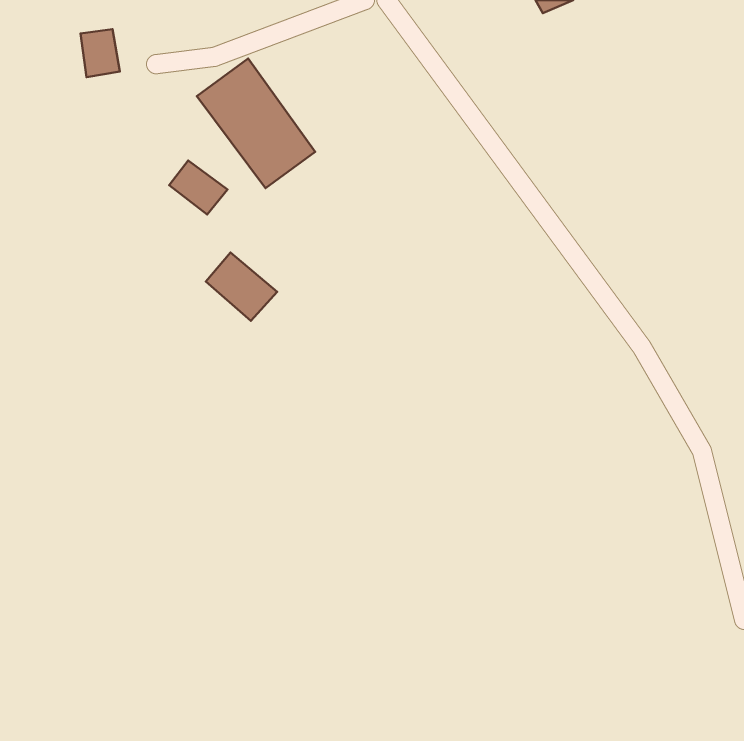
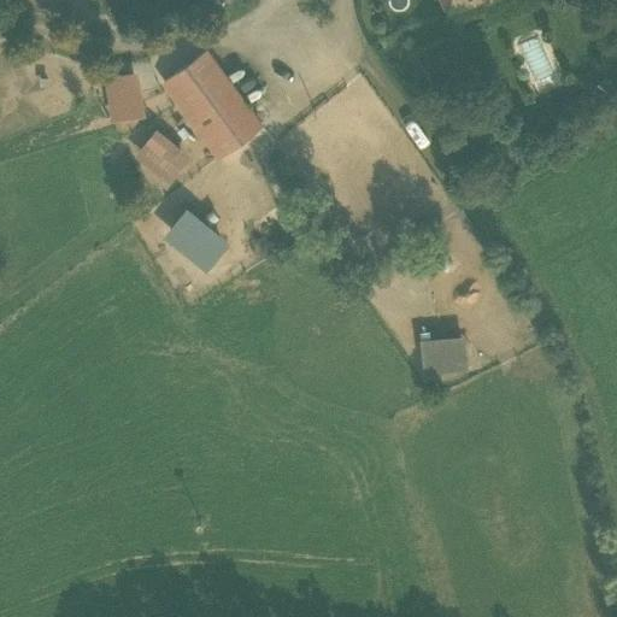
building: [81,29,120,77] -> [110,78,142,118]
building: none -> [424,340,465,375]

